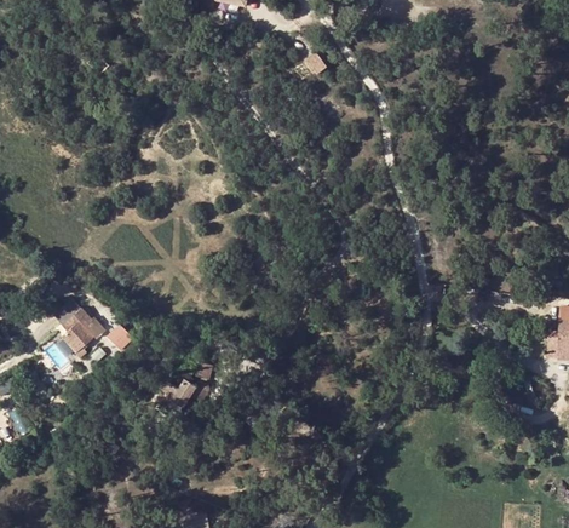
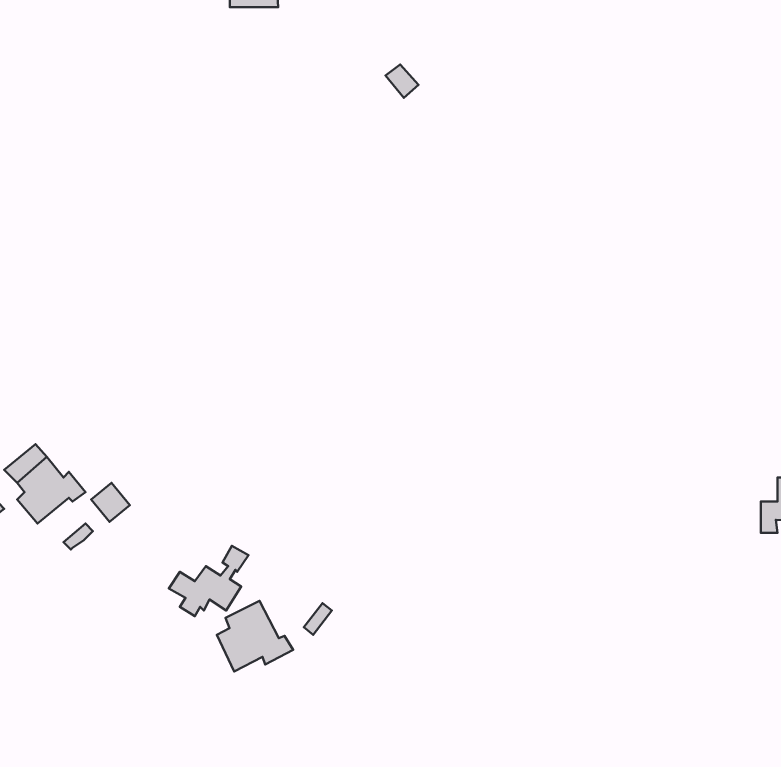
building: none -> [217,601,293,671]

